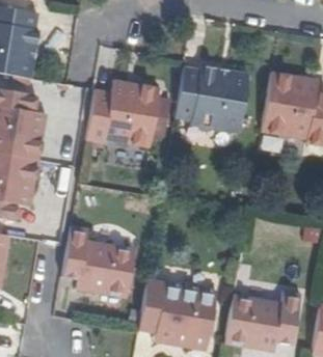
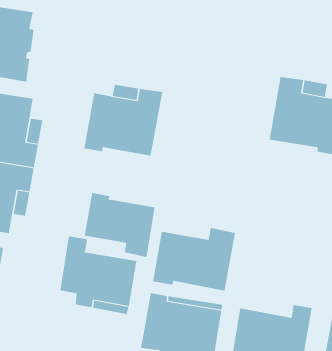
building: [176,66,251,135] -> none
building: none -> [84,192,155,258]
building: none -> [152,227,236,292]

